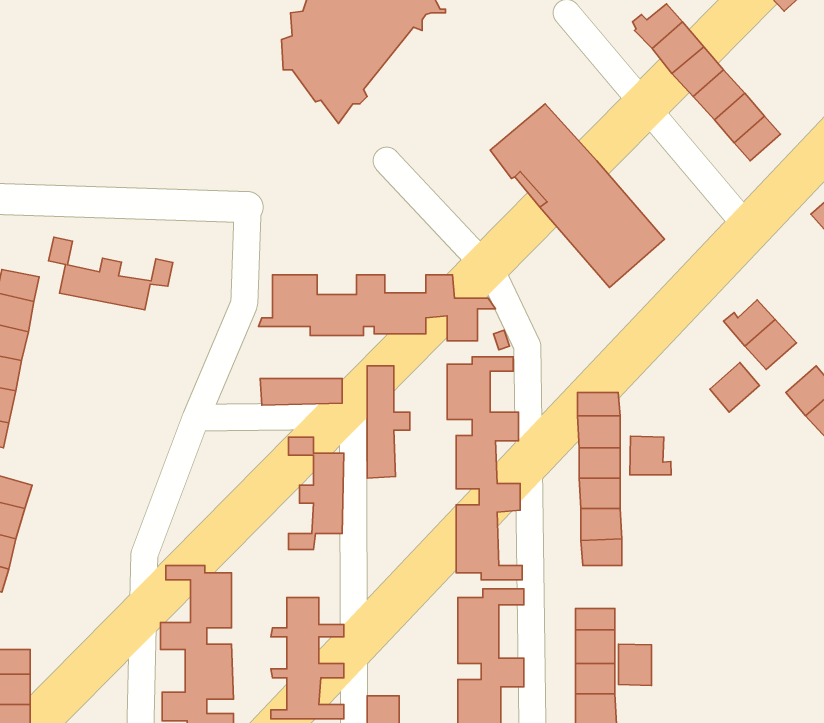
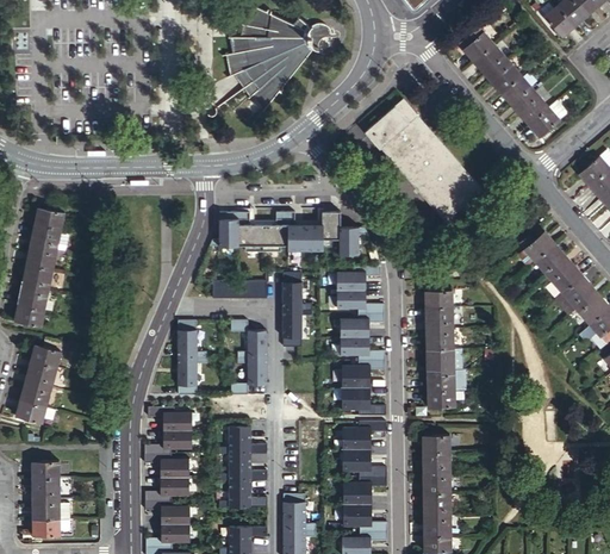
building: [49,237,173,310] -> none
building: [710,362,760,412] -> [549,257,583,291]
building: [630,436,671,475] -> none
building: none -> [180,322,210,396]
building: [619,644,651,685] -> none

